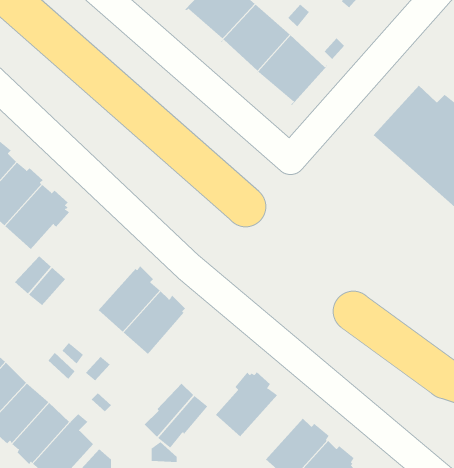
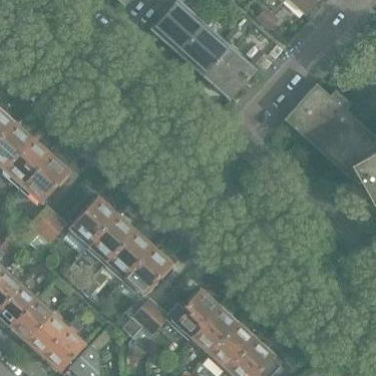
building: none -> [70,197,115,245]
building: none -> [124,247,170,293]
building: none -> [191,305,236,352]

